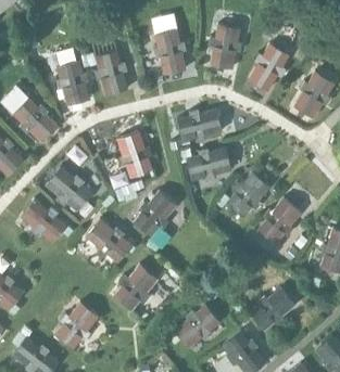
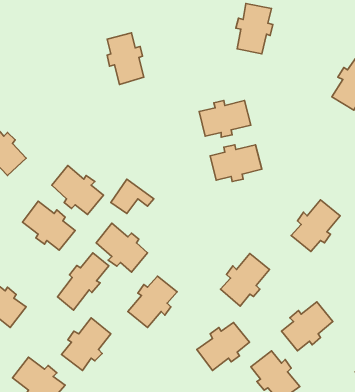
building: [154,29,187,74] -> none
building: [249,43,290,90] -> none
building: [56,60,90,105] -> none
building: [13,98,59,142] -> none
building: [117,131,152,177] -> none
building: [227,171,270,218] -> [221,254,270,306]
building: [134,190,177,236] -> none
building: none -> [57,253,109,310]

